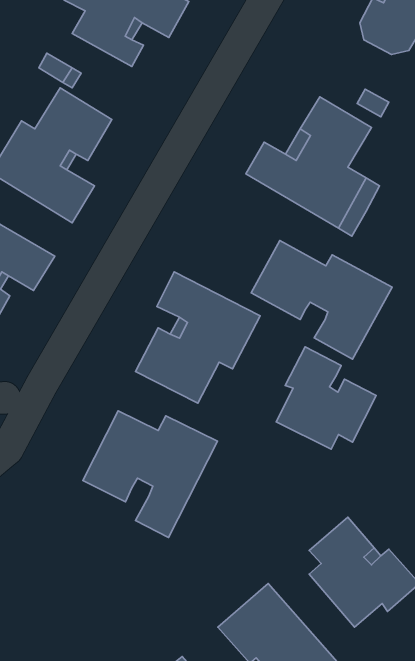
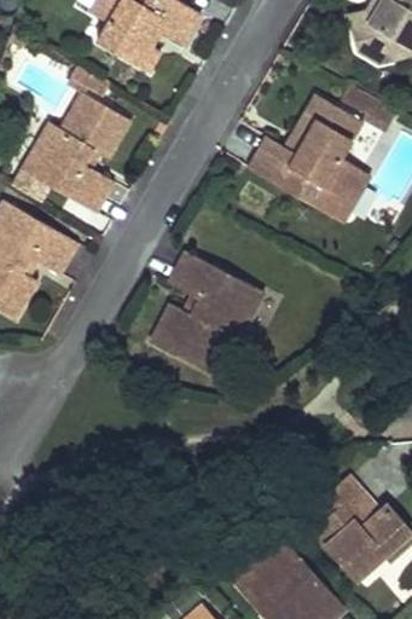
building: [251,240,392,359] -> none
building: [276,347,376,449] -> none
building: [83,411,218,538] -> none

